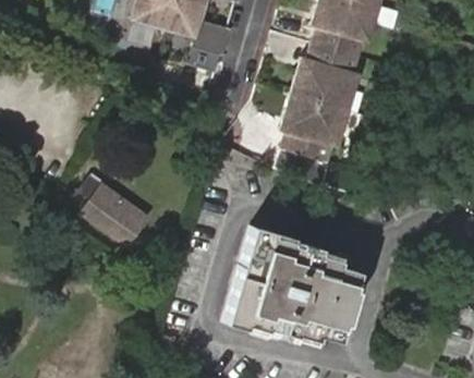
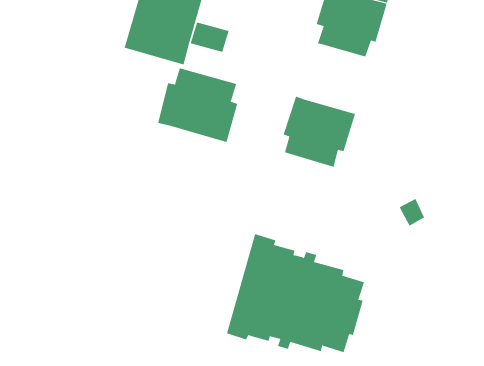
building: [291,42,360,110] -> none
building: none -> [157,67,238,143]
building: [83,175,147,242] -> none

